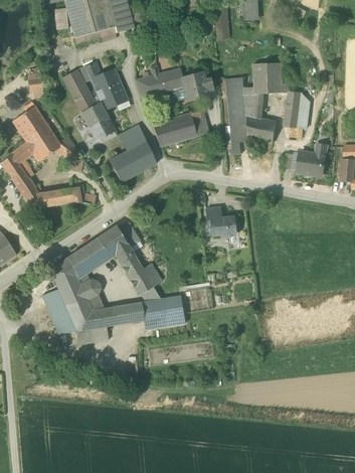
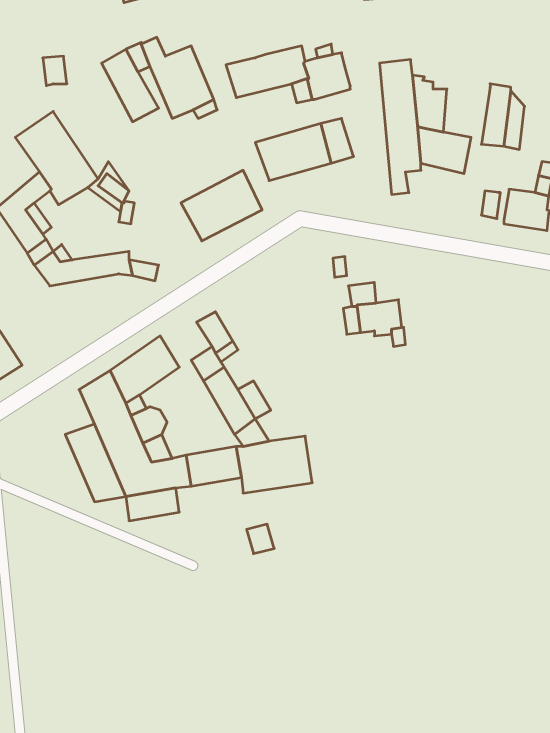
building: [254,61,290,93] -> none
building: [81,101,116,139] -> none
building: [119,124,146,150] -> none
building: [98,224,128,255] -> none

